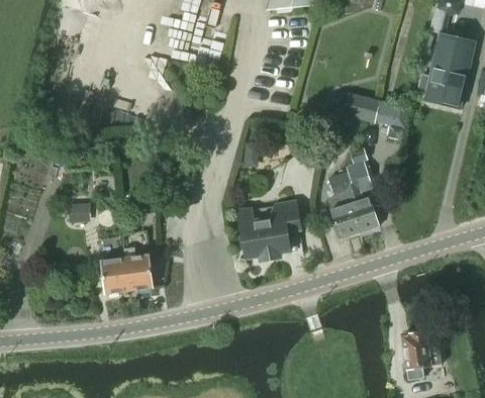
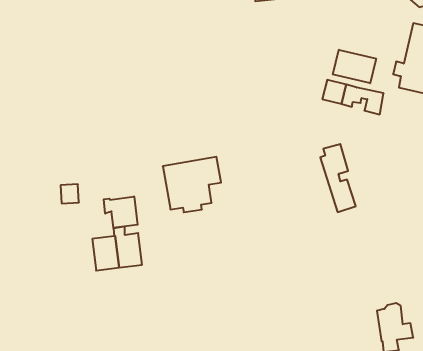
building: none -> [333,50,376,83]
building: [328,174,360,237] -> none
building: [238,201,300,260] -> [163,157,221,212]
building: none -> [104,196,138,228]

